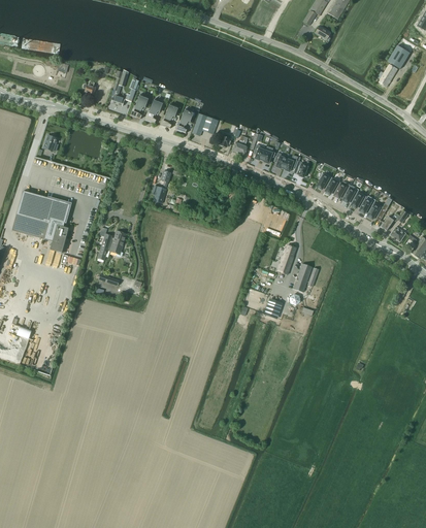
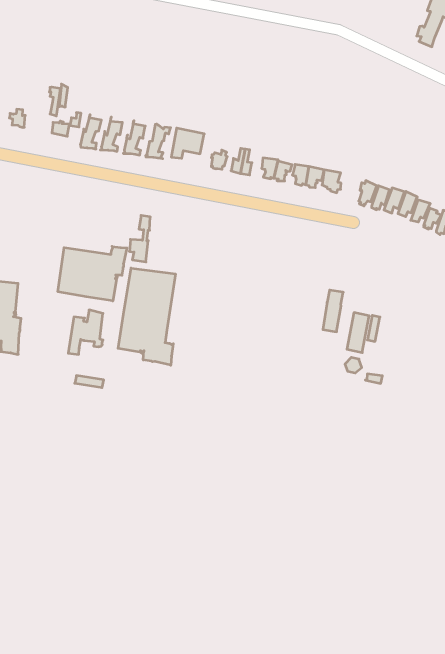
building: none -> [58,246,127,301]
building: none -> [118,268,175,365]

